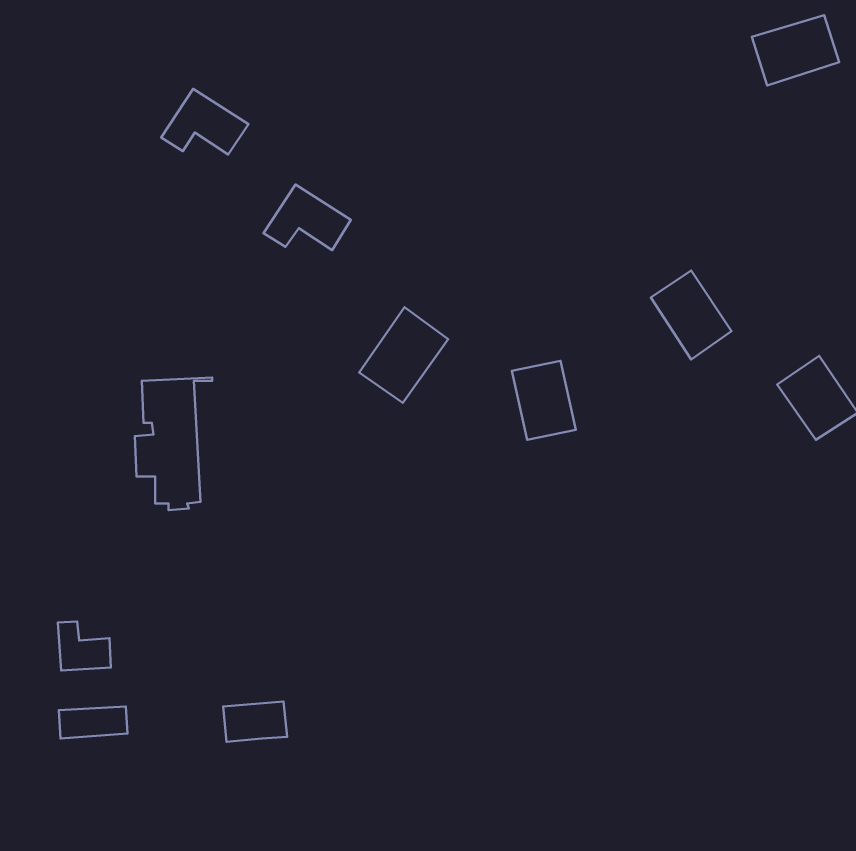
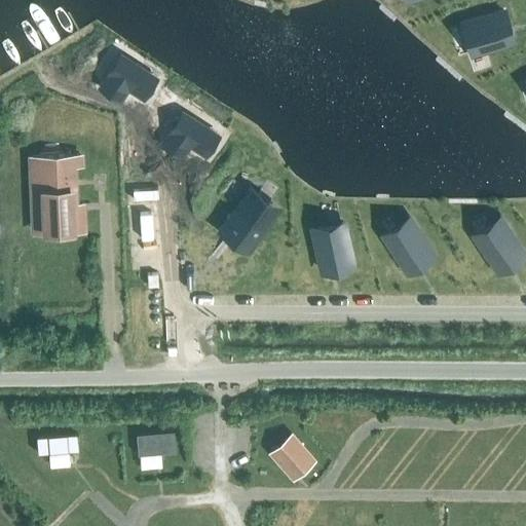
building: [651,271,731,360] -> [385,220,435,274]
building: [135,377,212,510] -> [34,157,81,238]
building: [58,622,111,670] -> none
building: none -> [269,438,315,485]

